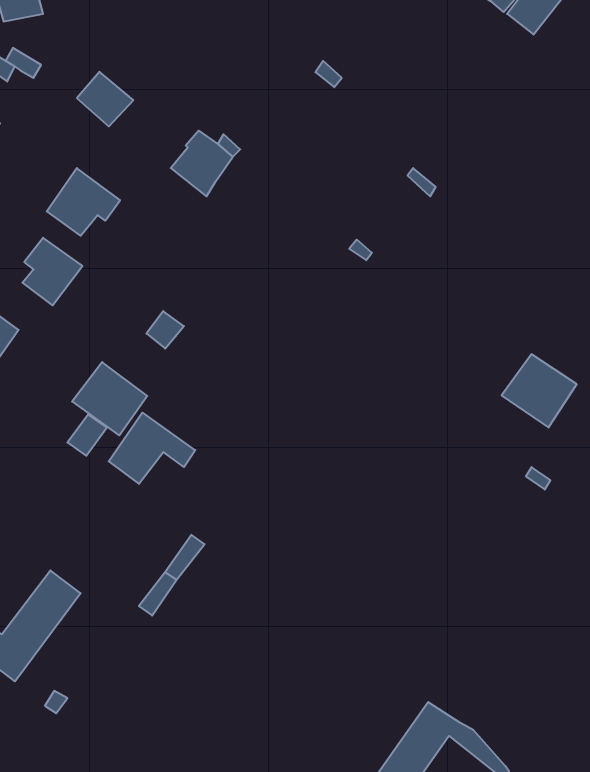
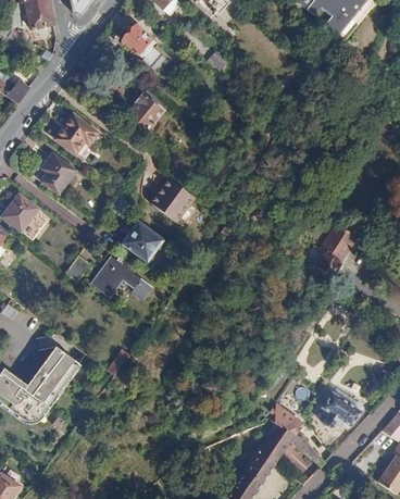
building: [77,72,133,126] -> [122,25,154,57]
building: none -> [152,177,195,220]
building: [72,362,147,435] -> [121,219,164,261]
building: none -> [322,388,362,426]
building: none -> [267,403,302,434]

